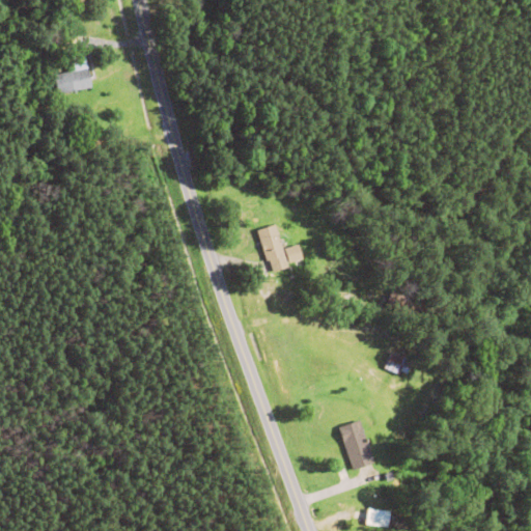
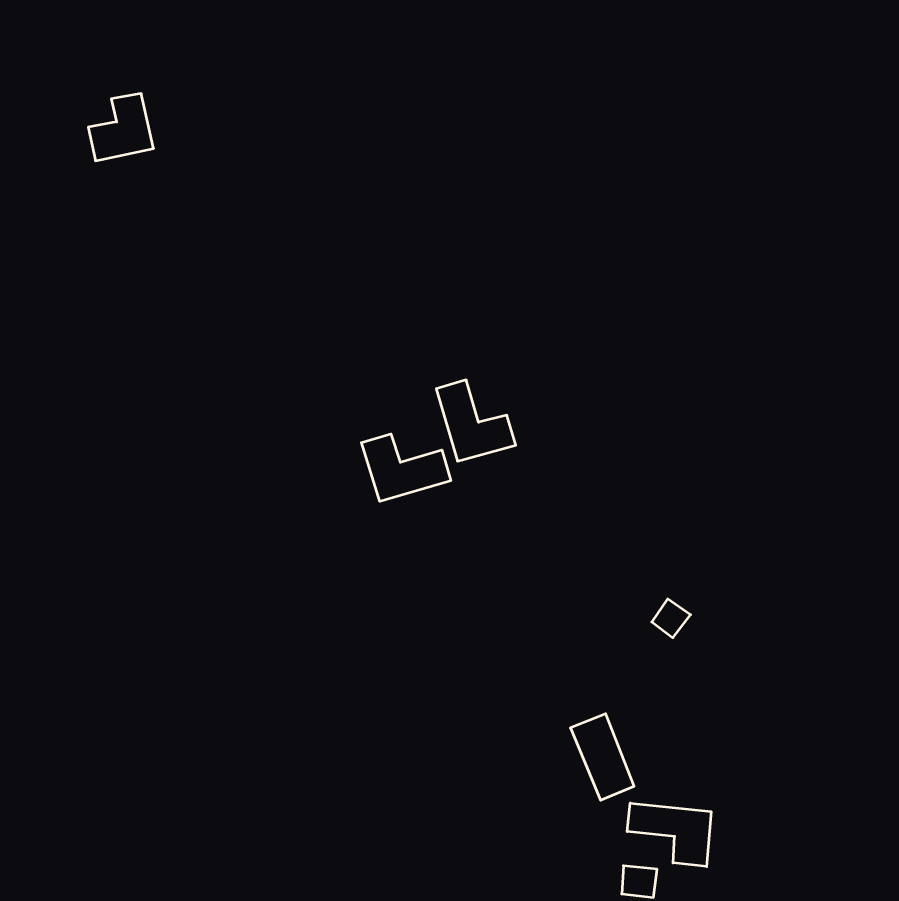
building: none -> [361,434,451,501]
building: none -> [627,803,711,867]

